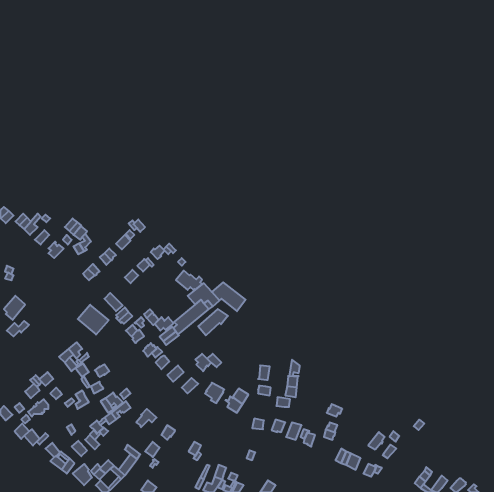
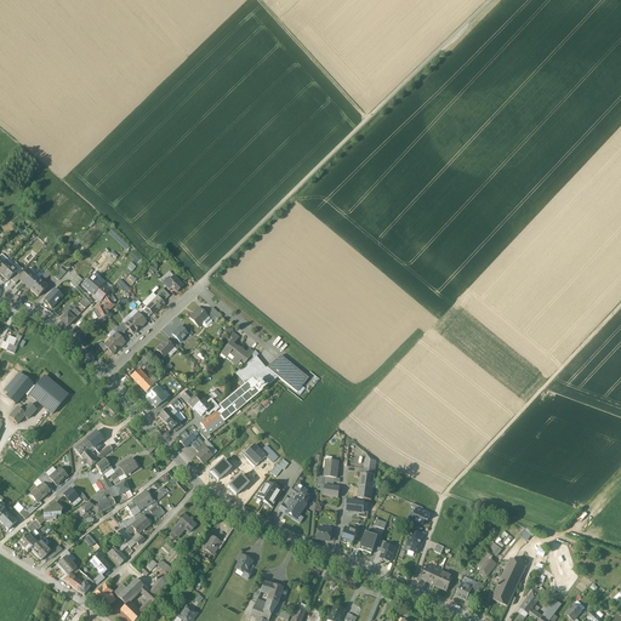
building: [78,305,109,335] -> [29,375,68,412]
building: [198,309,228,335] -> none
building: none -> [491,558,526,605]

